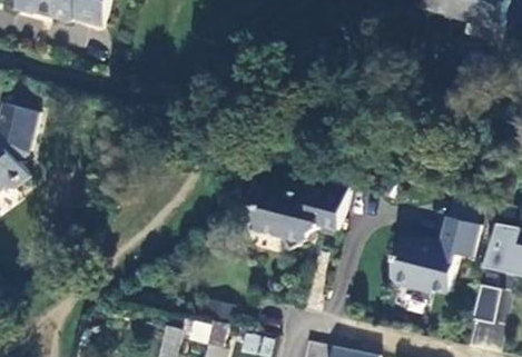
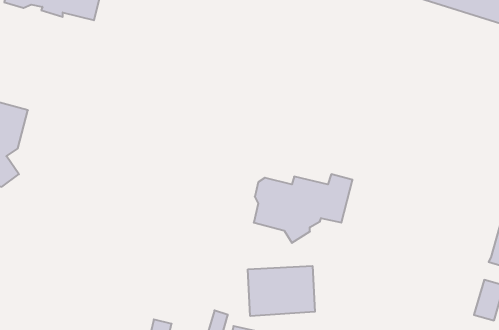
building: [392,215,482,291] -> none
building: none -> [248,266,315,316]

